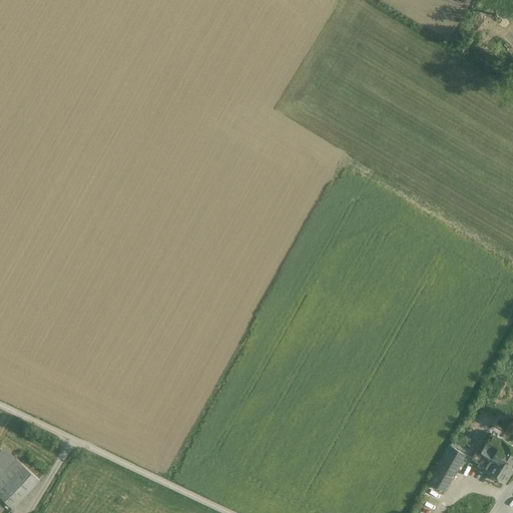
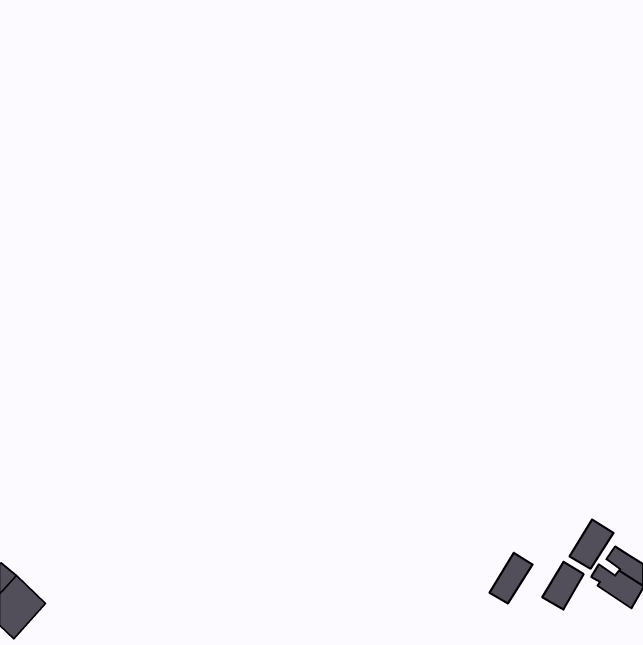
building: none -> [570,519,614,569]
building: none -> [490,553,533,604]

